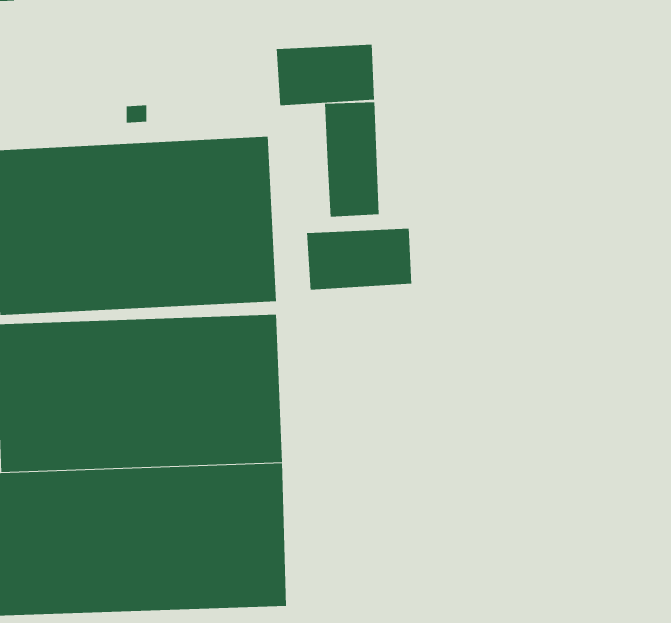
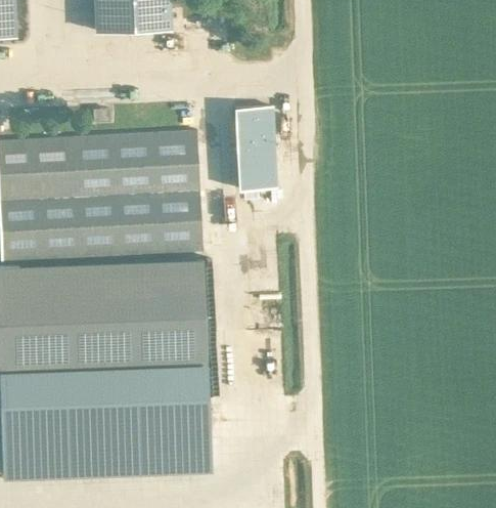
building: [276,44,375,106] -> none
building: [307,228,412,291] -> none

